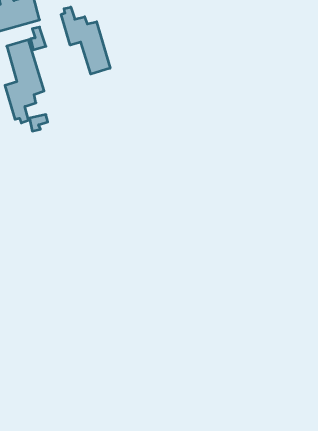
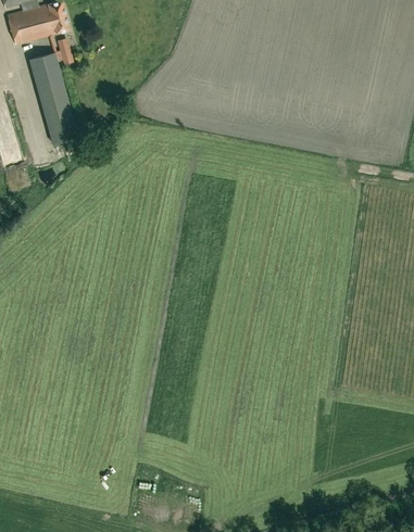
building: [61,7,110,74] -> none

